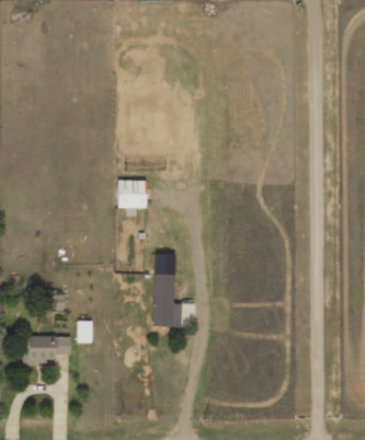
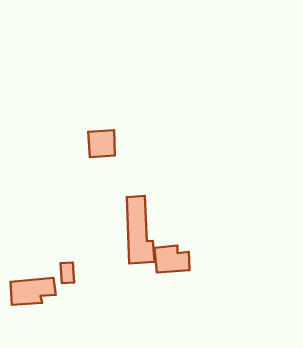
building: none -> [155,246,190,272]

